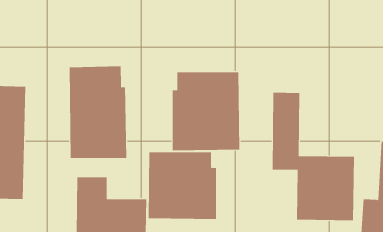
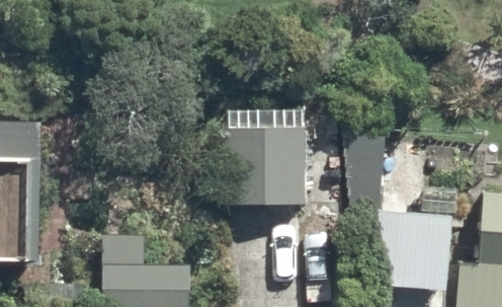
building: [69,66,127,159] -> none
building: [148,151,217,220] -> none

